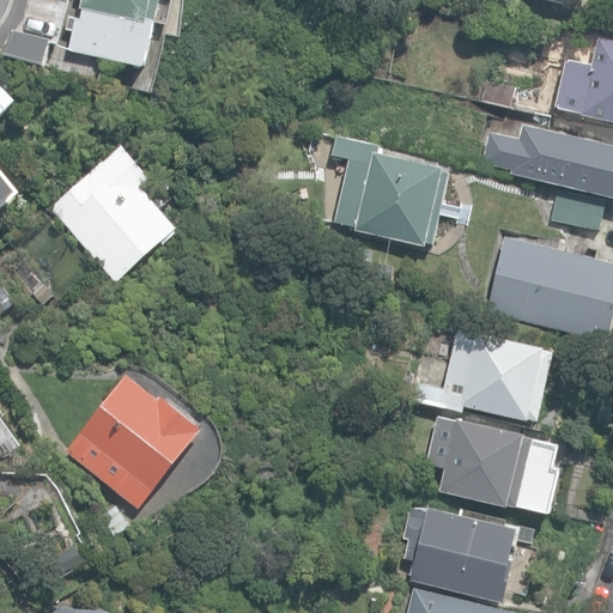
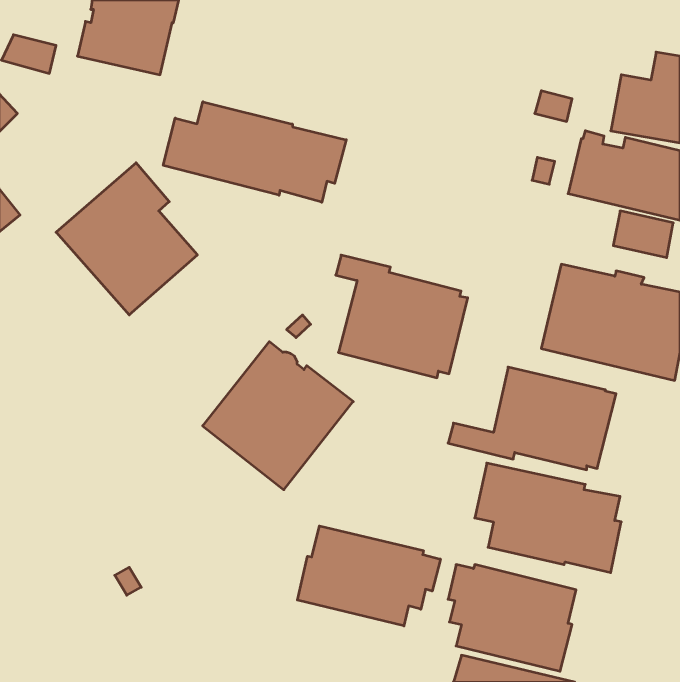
building: none -> [163,102,346,202]
building: [330,136,449,247] -> [336,255,468,378]
building: [66,375,201,508] -> [203,342,353,490]
building: none -> [297,526,440,626]

